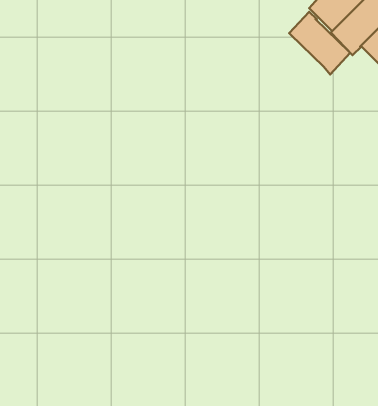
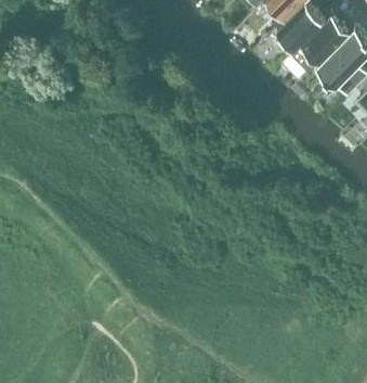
building: [289,12,350,74] -> none

